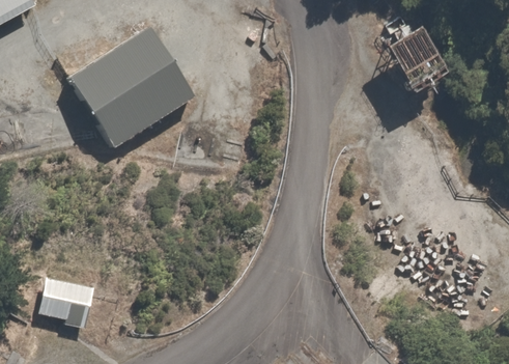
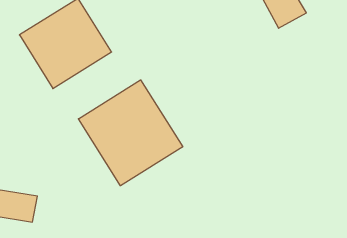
building: none -> [78,80,183,186]

